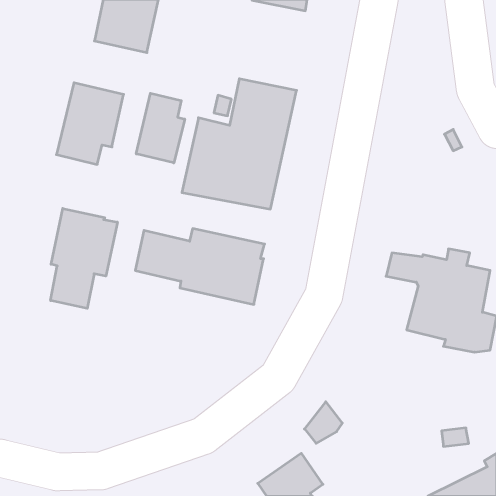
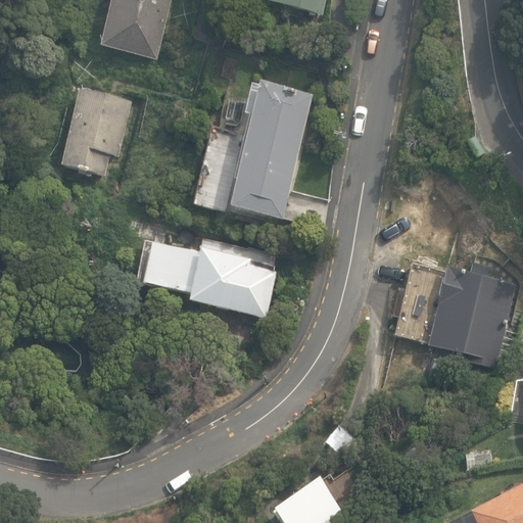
building: [136,93,185,163] -> none
building: [51,208,117,308] -> none

